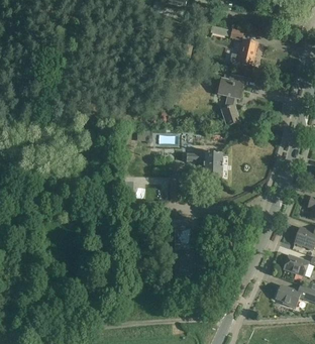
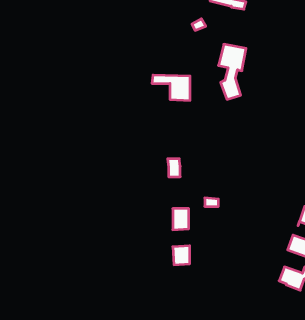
building: [230,39,257,65] -> none
building: [186,153,222,178] -> [152,75,190,100]

